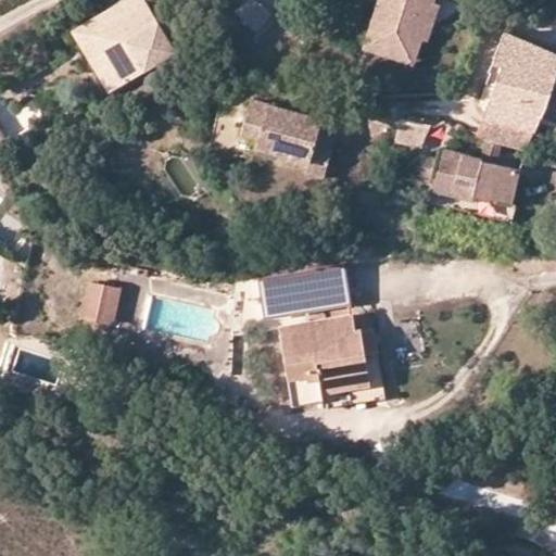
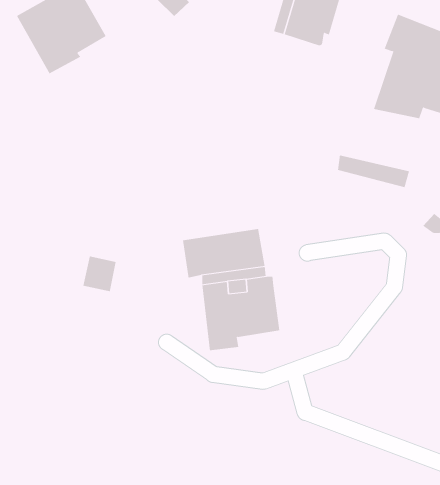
building: [238,97,333,173] -> none
building: [406,151,521,203] -> none
building: [81,281,119,321] -> [82,256,116,292]

